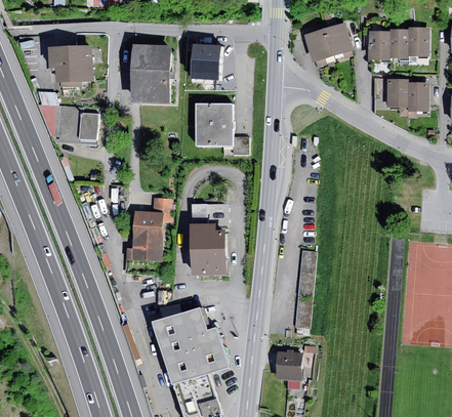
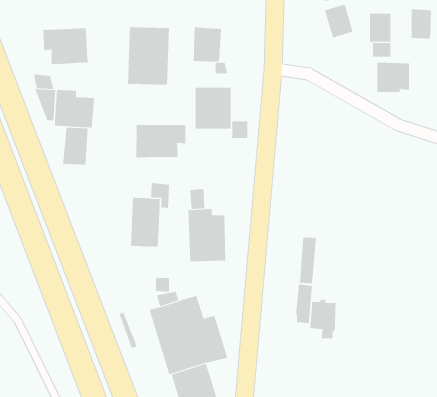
building: [303,28,332,61] -> none
building: [389,29,409,57] -> none
building: [408,81,429,111] -> none
building: none -> [136,124,186,158]
building: none -> [63,127,88,166]
building: [276,349,302,388] -> [309,299,337,339]

